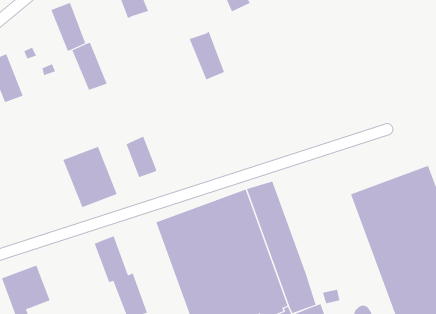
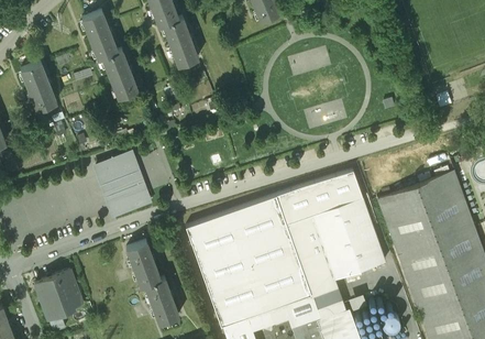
building: [189,31,225,80] -> [163,19,198,67]
building: [126,136,157,178] -> none
building: none -> [301,172,385,280]

